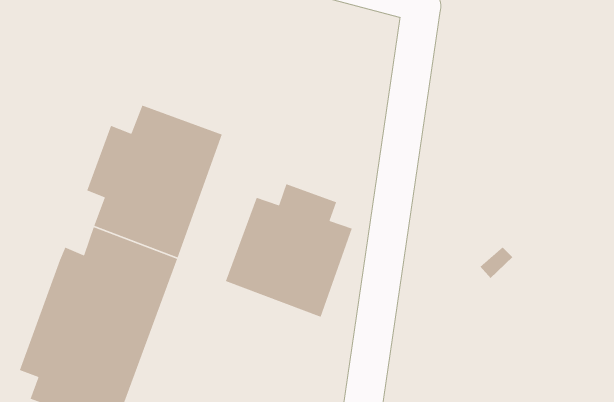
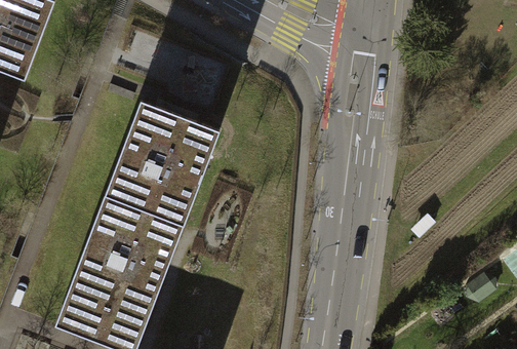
building: [225,183,353,318] -> none

